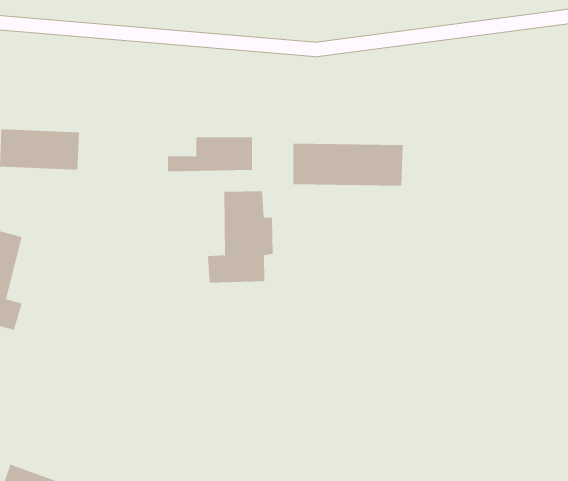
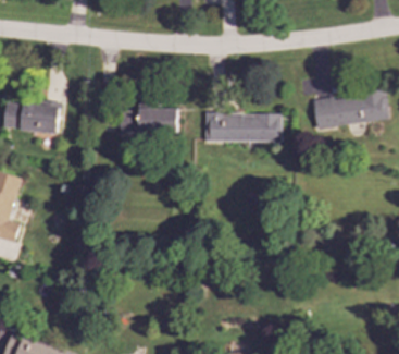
building: none -> [311,90,388,127]
building: [208,190,273,283] -> none

